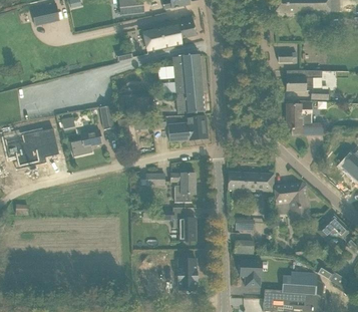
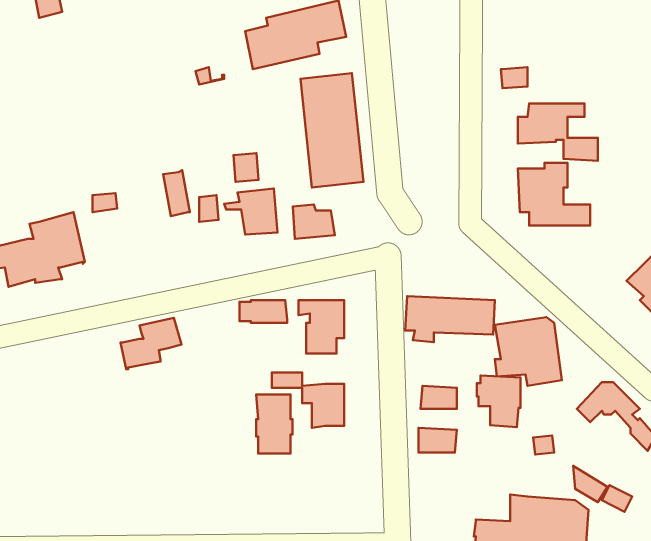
building: [178,115,207,139] -> [224,189,278,234]
building: [70,129,102,157] -> [121,318,182,369]
building: [177,259,197,290] -> [256,394,292,454]
building: [238,260,261,287] -> [477,376,521,427]

